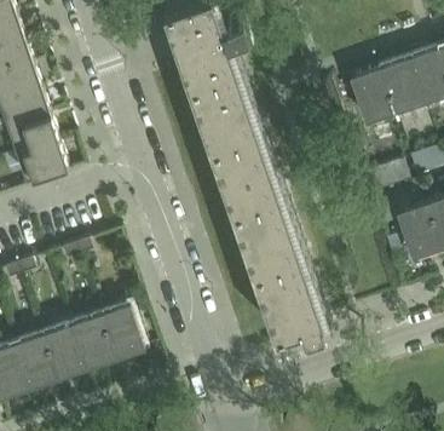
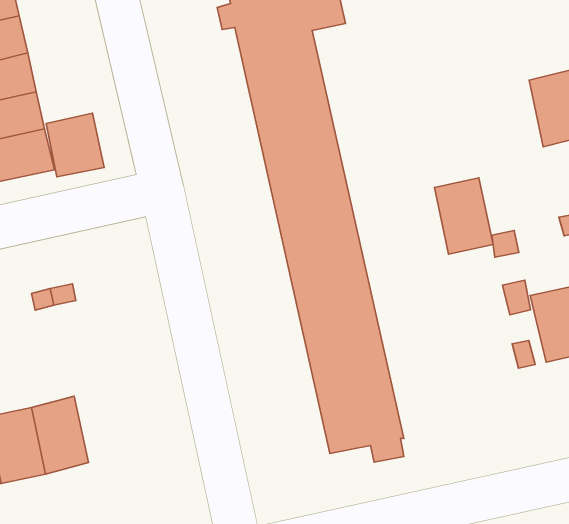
building: [348,70,392,123] -> [434,178,493,254]
building: none -> [46,113,104,177]
building: [97,306,142,360] -> none

